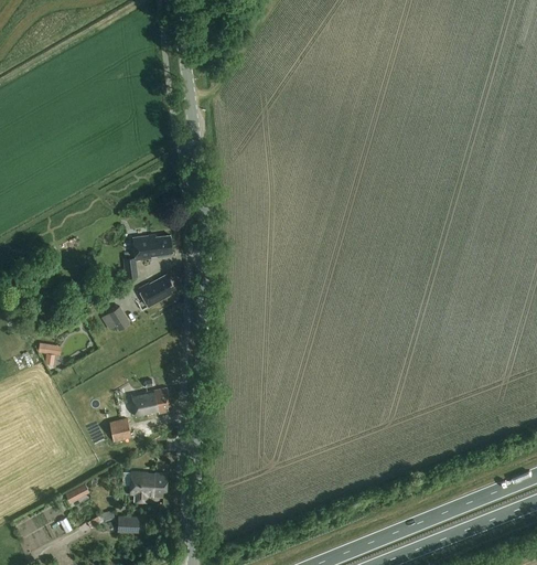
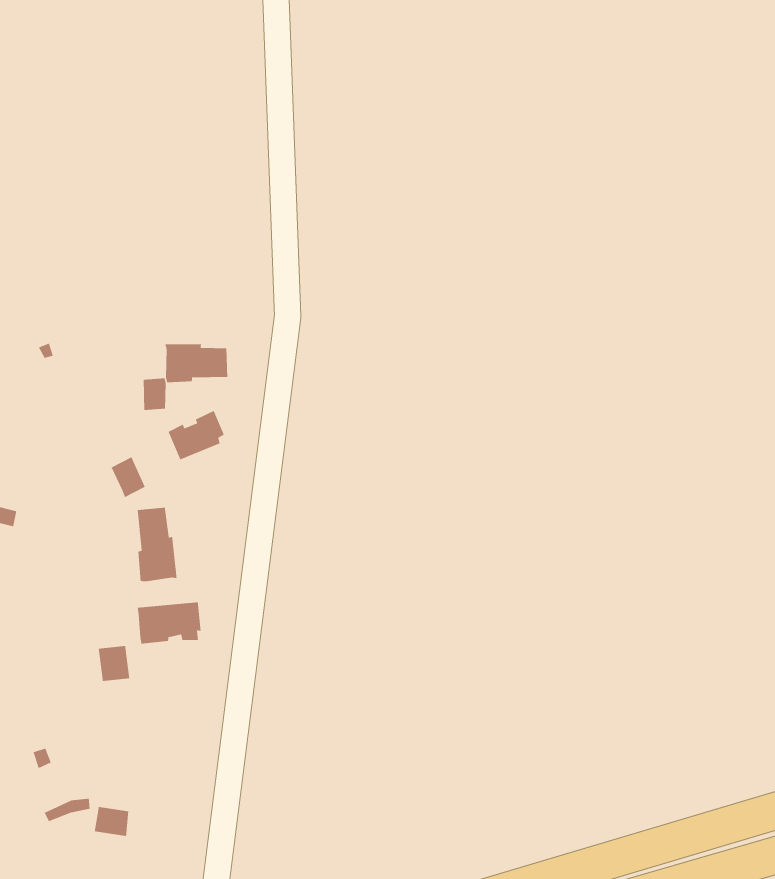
building: none -> [137,507,178,582]
building: [129,470,167,503] -> none

